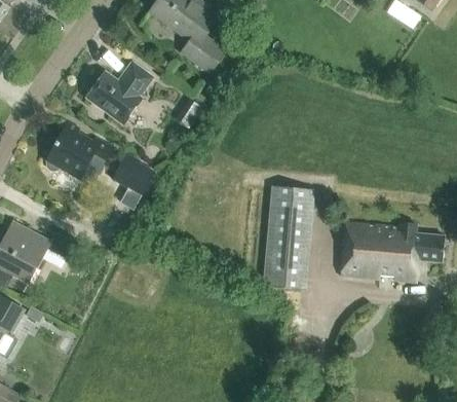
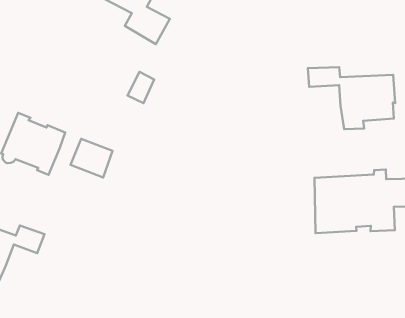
building: [86,63,151,122] -> none
building: none -> [308,67,395,129]
building: [261,185,313,289] -> none

